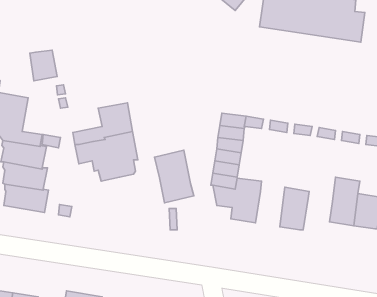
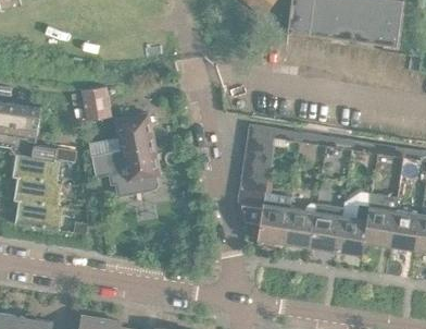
building: [30,50,57,81] -> [80,87,110,120]
building: [155,150,194,203] -> none
building: none -> [335,205,367,254]
building: none -> [284,208,314,246]

